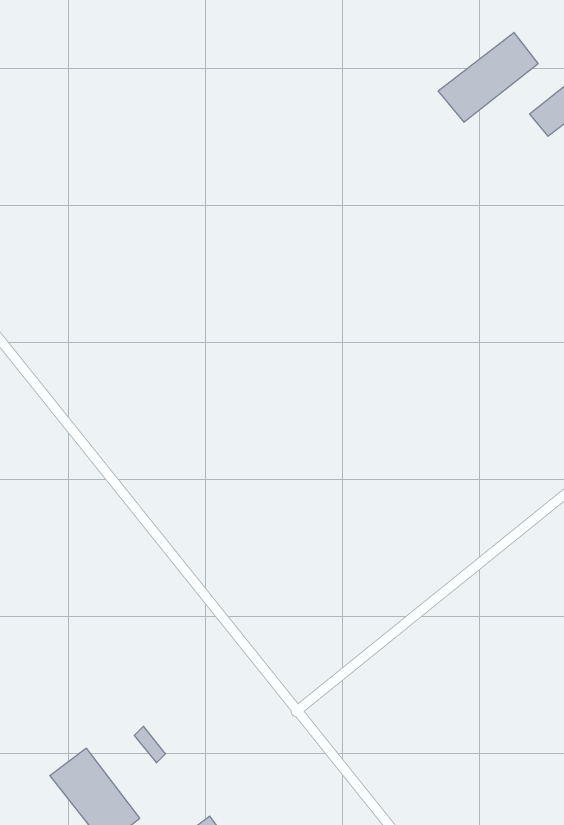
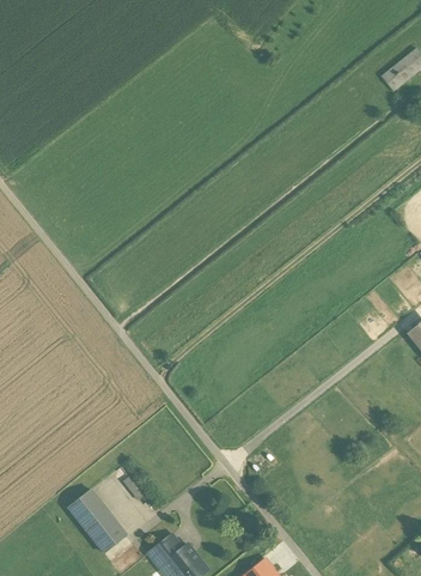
building: [438,32,538,122] -> none

